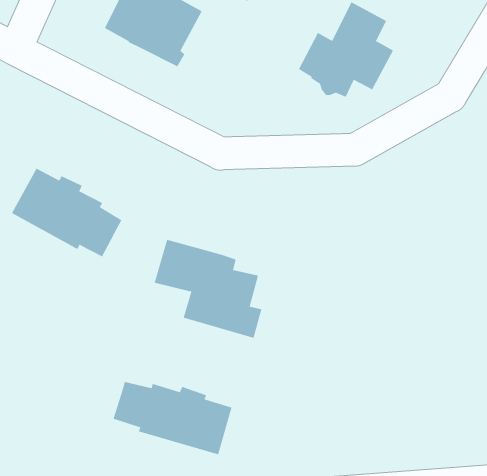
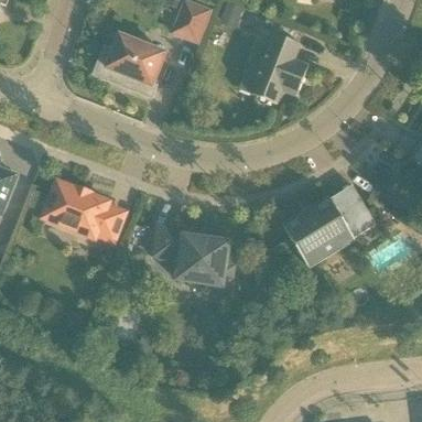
building: none -> [283,196,376,264]
building: [113,381,232,455] -> none

